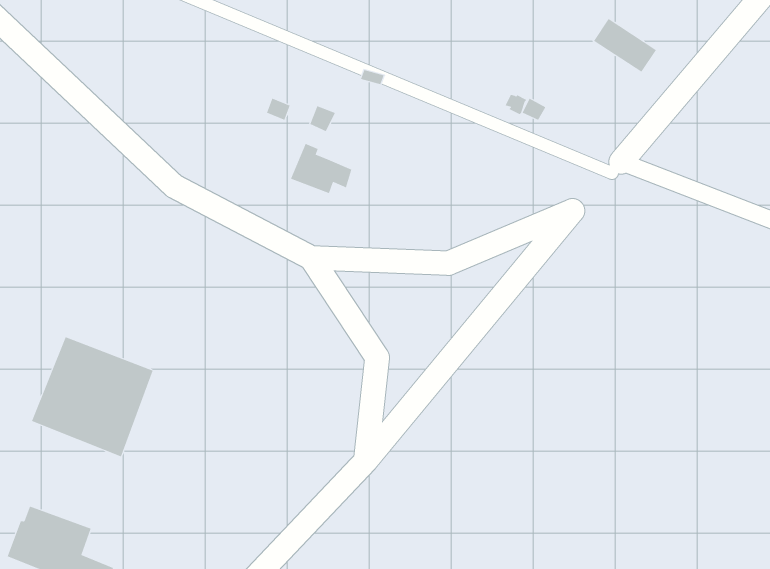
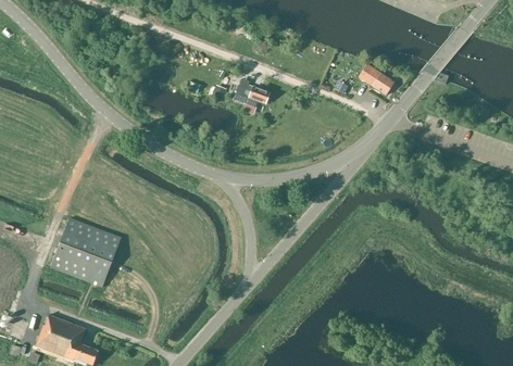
building: [593,18,657,73] -> [358,63,395,94]
building: [290,143,352,194] -> [233,77,268,106]

